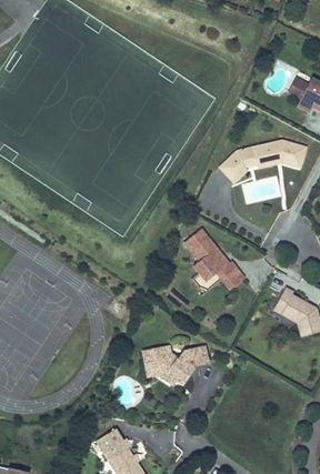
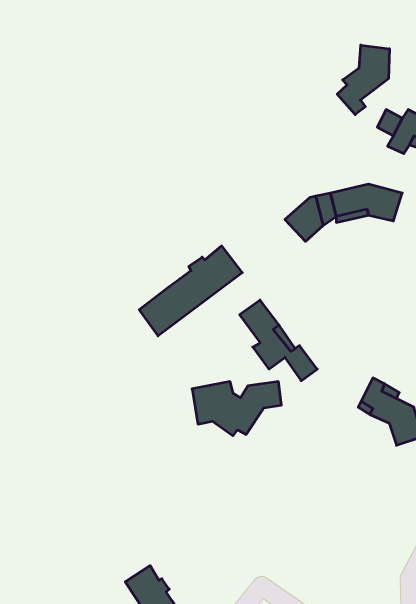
building: none -> [337,45,389,115]
building: none -> [139,246,242,336]
building: [141,344,209,385] -> [192,382,281,436]

